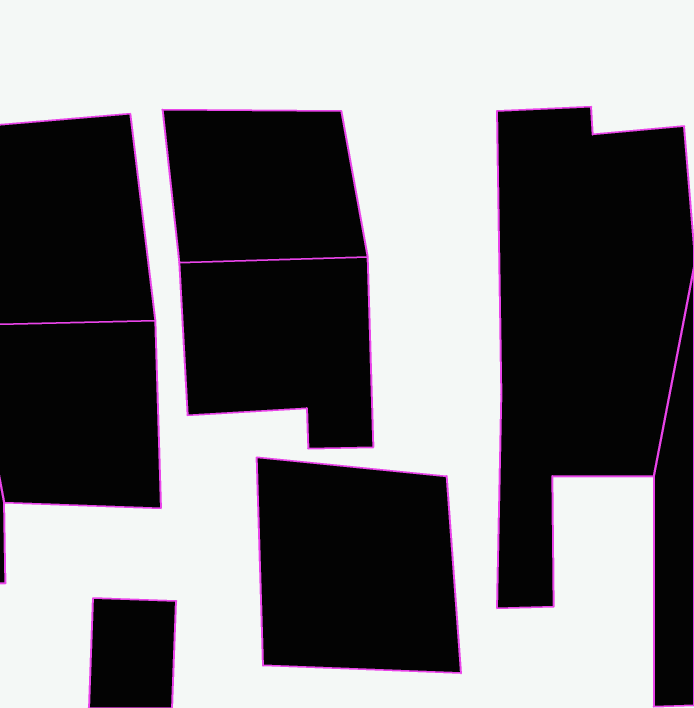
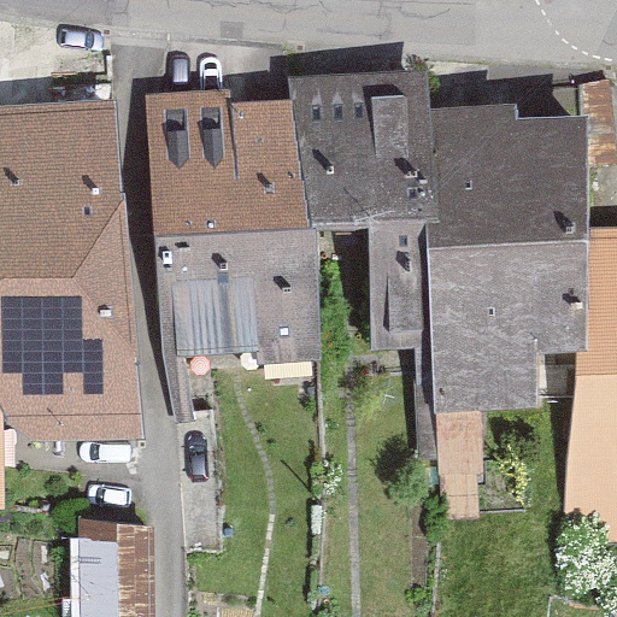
building: none -> [293,67,435,345]
building: [257,457,461,673] -> none

